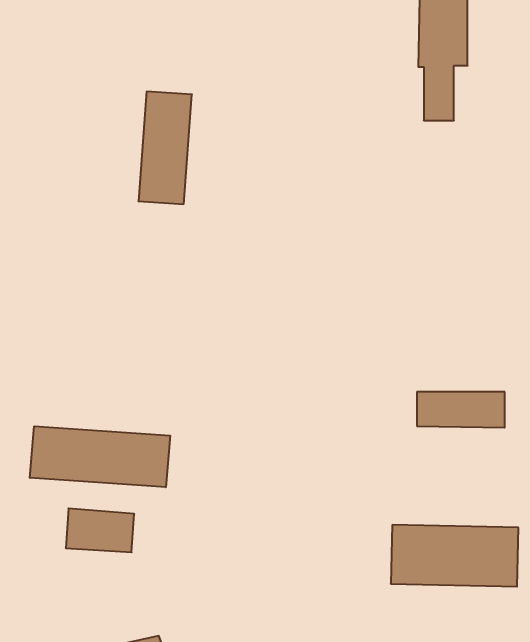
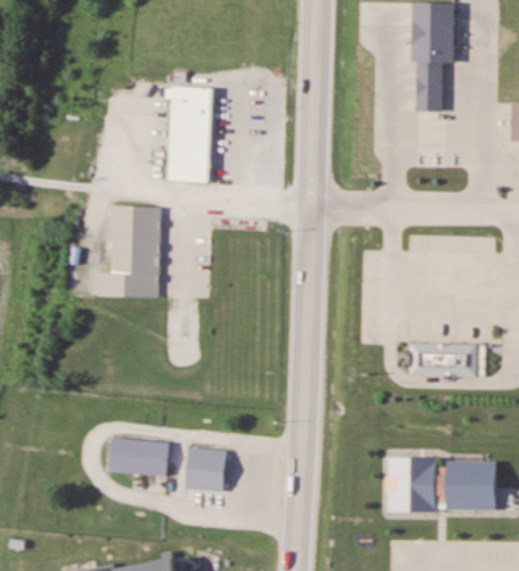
building: none -> [100,203,157,299]
building: [30,426,170,487] -> none
building: none -> [182,454,224,498]

